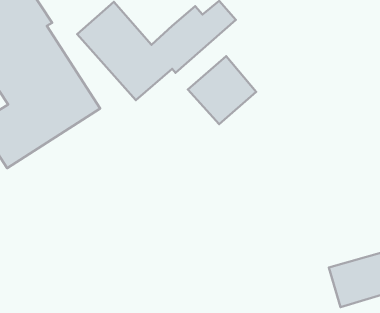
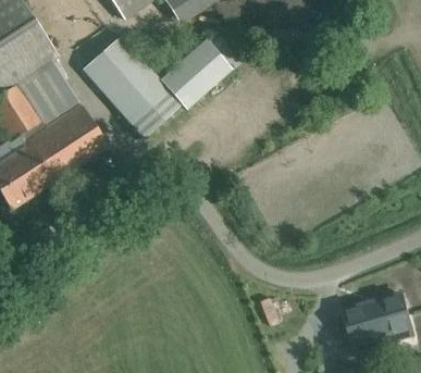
building: [188,56,256,124] -> none

